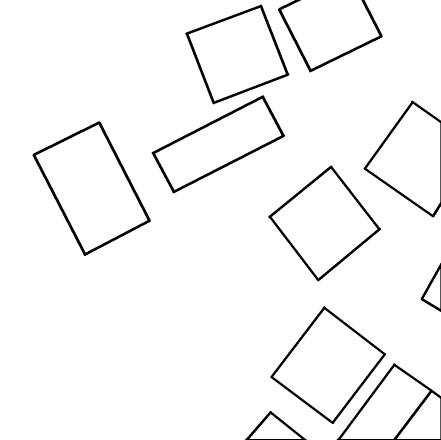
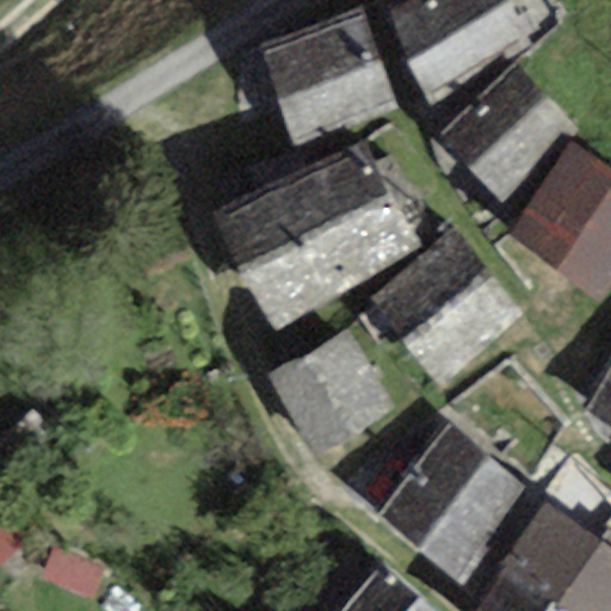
building: none -> [439,63,578,199]
building: [34,123,149,255] -> none
building: none -> [241,187,425,329]
building: none -> [267,327,397,461]

